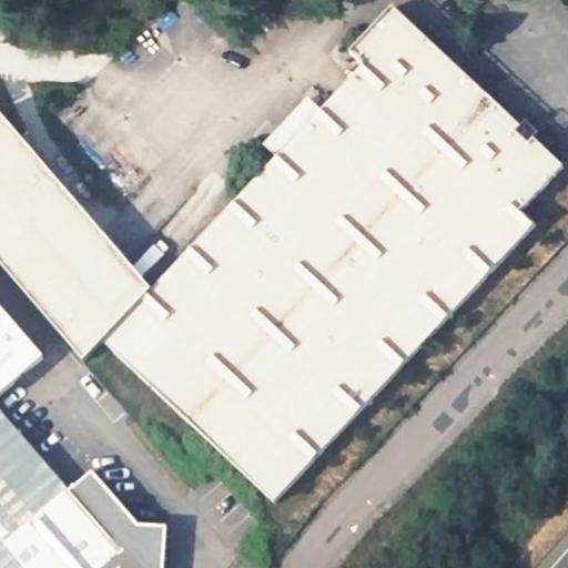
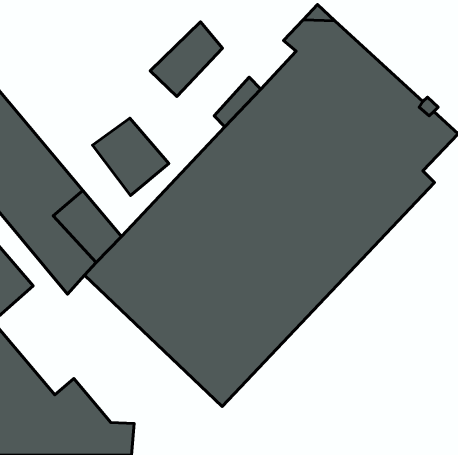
building: none -> [150,22,222,96]
building: none -> [92,118,169,196]

